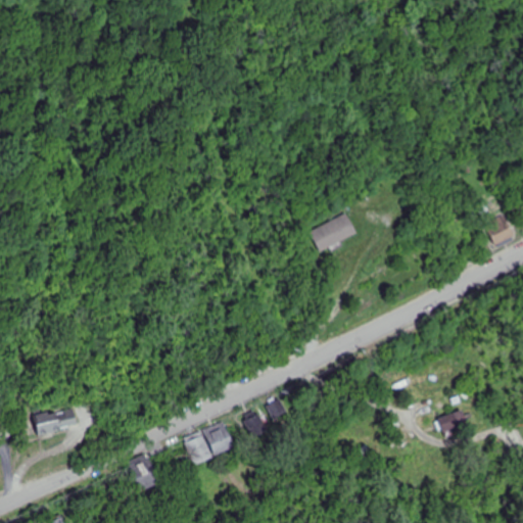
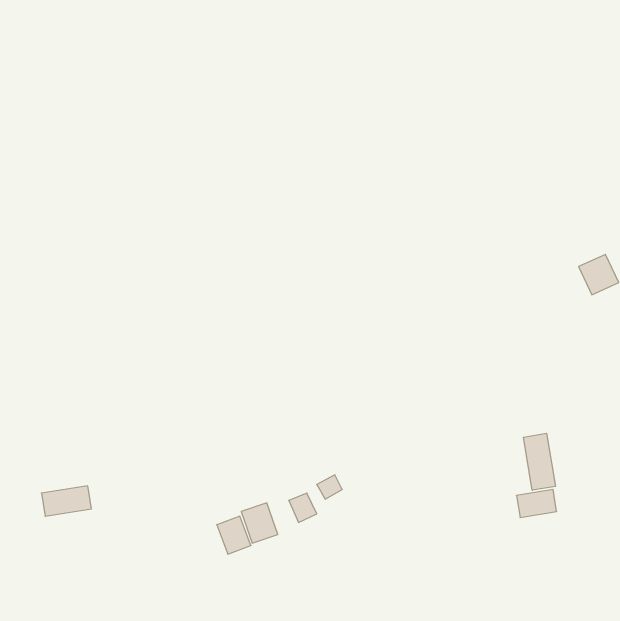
building: [308,212,356,250] -> none
building: none -> [523,433,555,490]
building: [127,456,157,491] -> none

